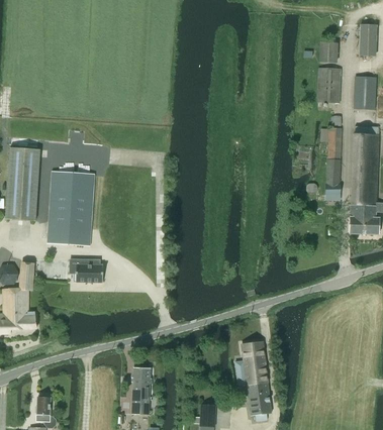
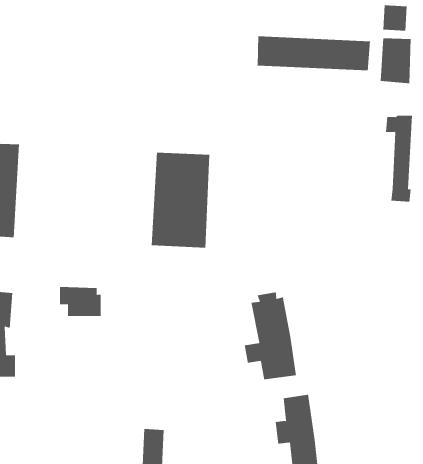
building: none -> [257,36,371,71]
building: [47,172,93,245] -> [151,152,210,248]
building: none -> [244,291,297,380]

